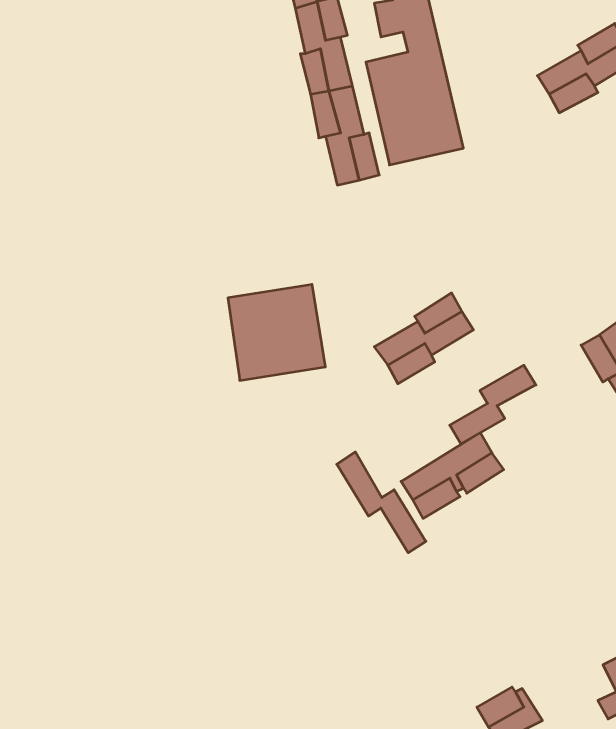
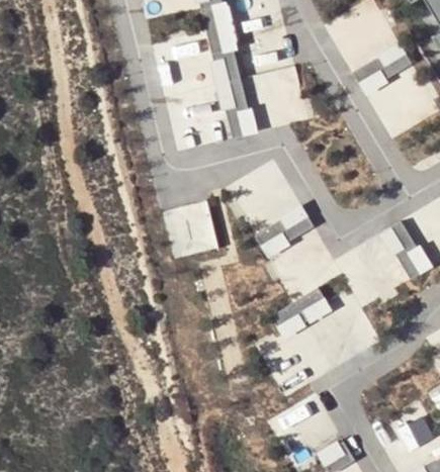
building: [450,365,536,444] -> none
building: [337,452,426,553] -> none

